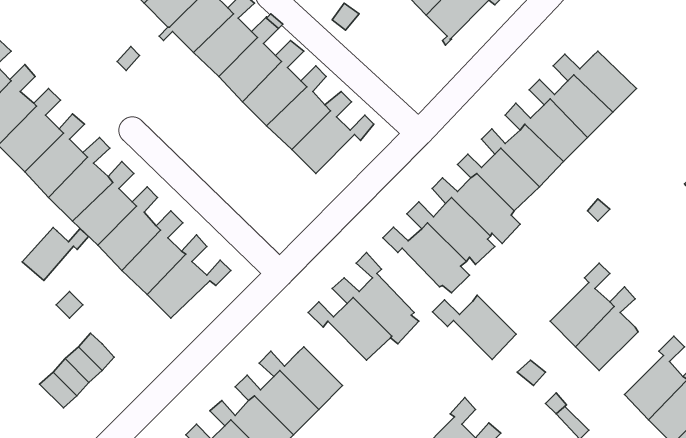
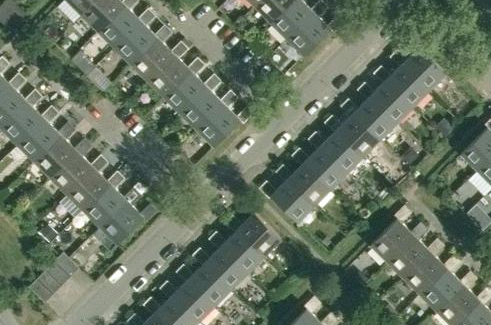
building: none -> [390,49,445,90]
building: [22,228,89,280] -> none
building: [432,295,516,359] -> [192,246,248,289]
building: none -> [404,240,447,295]

